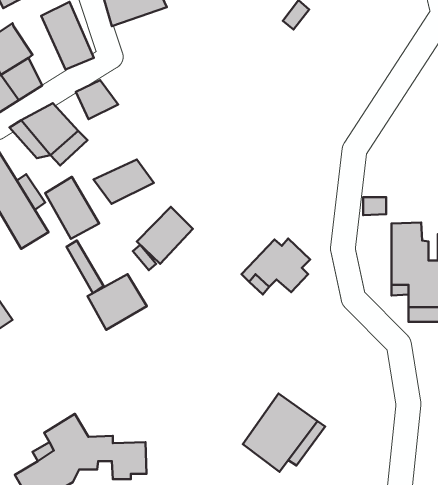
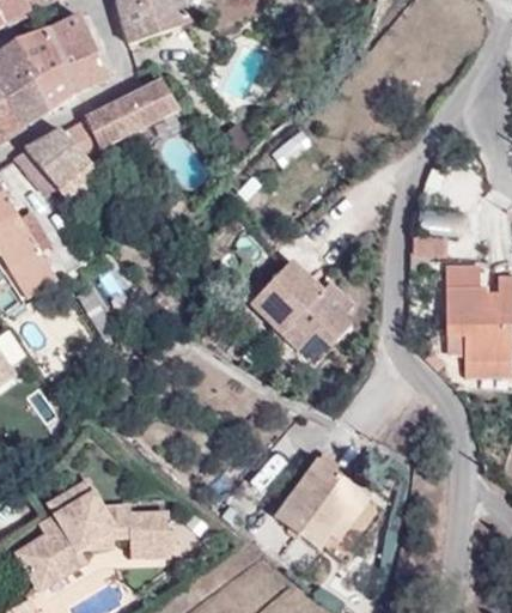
building: none -> [16,30,74,109]
building: [94,159,154,204] -> [114,80,182,131]
building: [45,177,99,239] -> none
building: [137,207,193,264] -> [248,259,311,323]
building: [88,274,147,330] -> none

